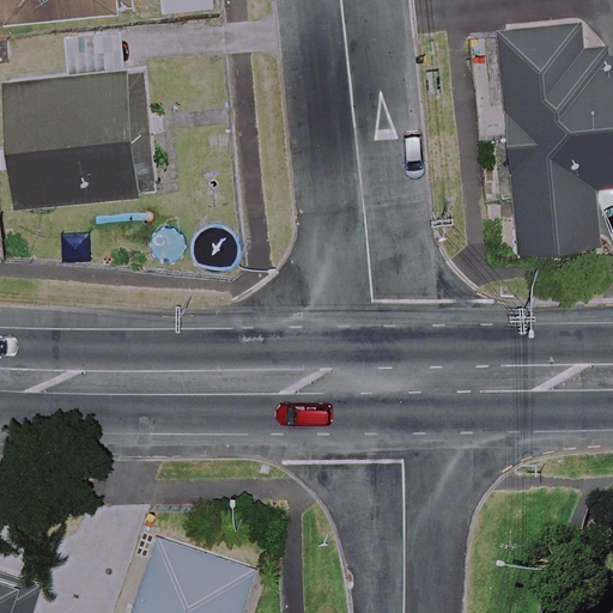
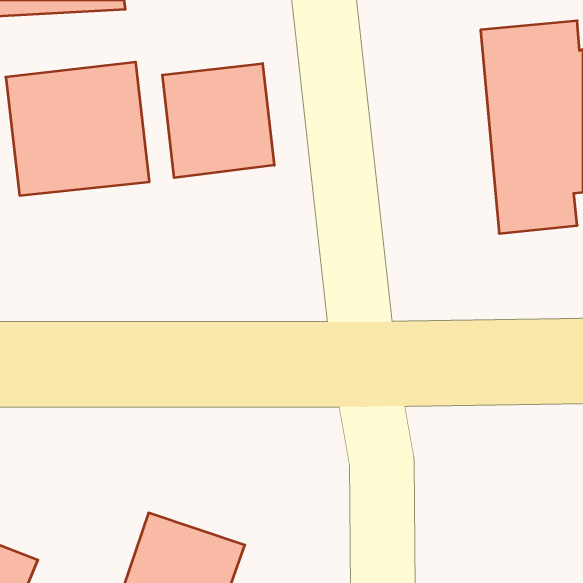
building: none -> [162,63,274,178]

